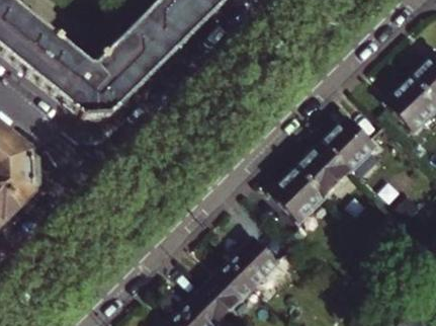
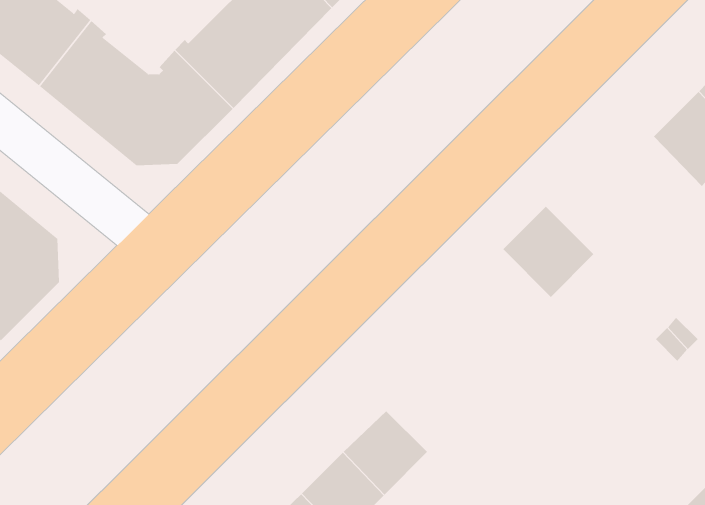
building: [325,114,379,169] -> none
building: [273,166,328,220] -> none
building: [232,235,281,284] -> none

